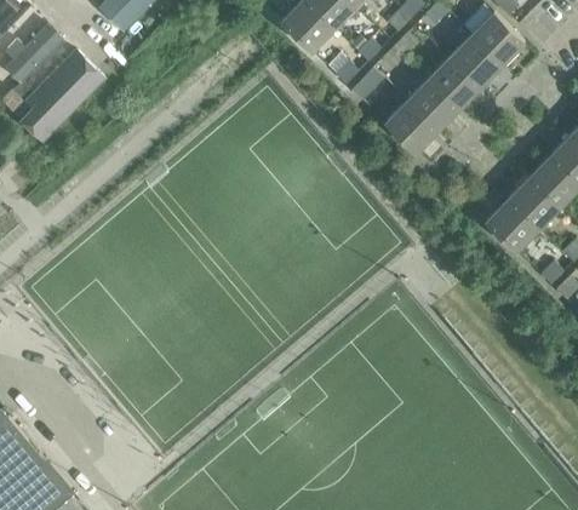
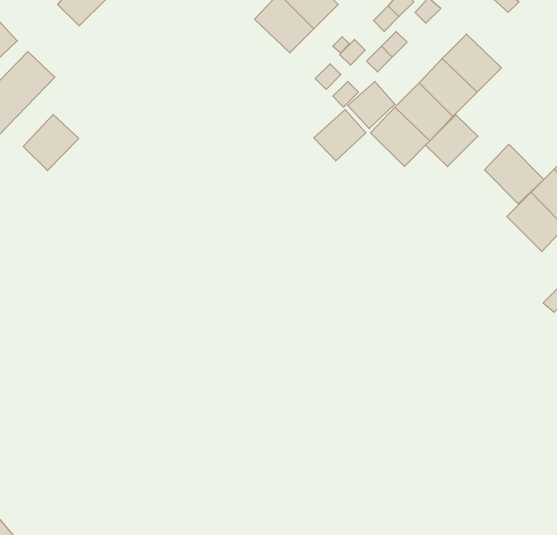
building: [471,11,525,64] -> none
building: none -> [314,110,366,161]
building: none -> [23,114,79,171]
building: none -> [426,115,478,167]
building: [486,197,539,251] -> [485,144,544,204]

